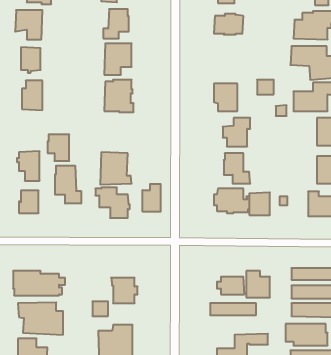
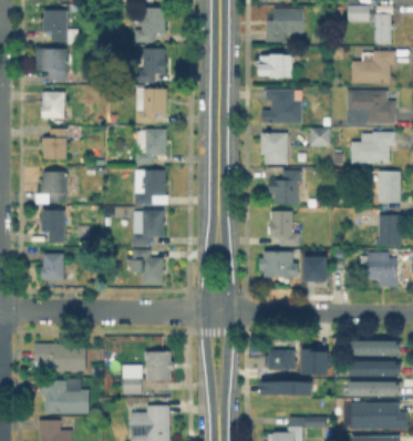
building: none -> [259,90,302,123]
building: none -> [135,171,168,204]
building: [48,134,69,161] -> [41,172,65,202]
building: [55,166,81,204] -> none
building: [143,184,161,212] -> none

